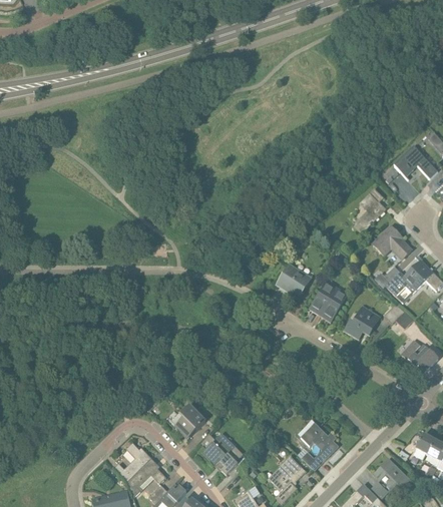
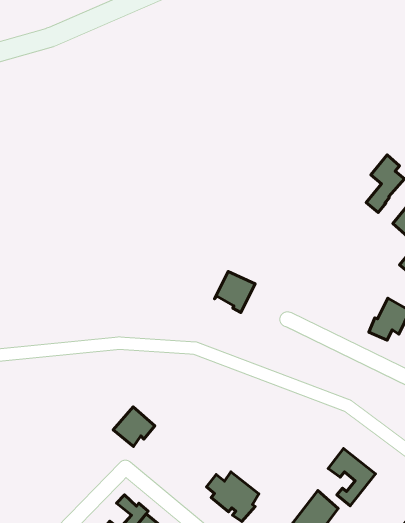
building: [278,265,312,299] -> [215,272,255,312]
building: [309,283,347,322] -> none
building: [172,404,206,436] -> [113,407,155,446]

